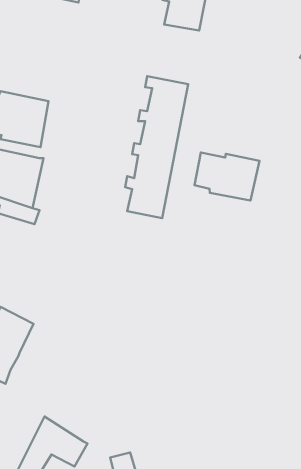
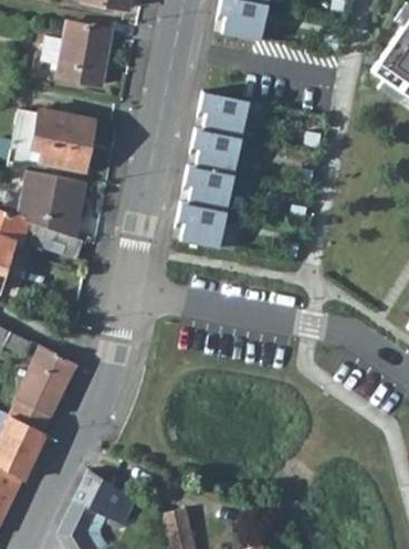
building: none -> [57,23,112,85]
building: [195,153,259,201] -> none

